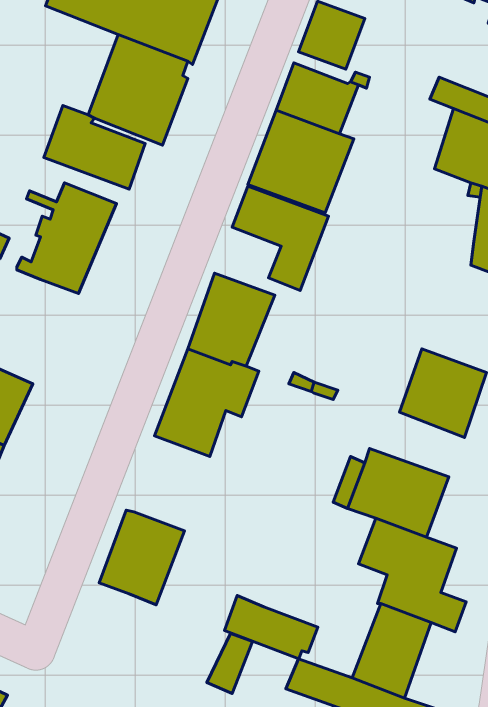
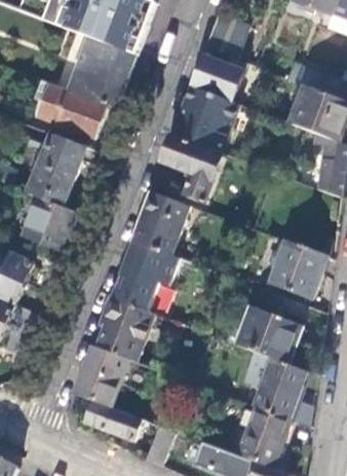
building: none -> [23,195,77,249]
building: none -> [98,297,154,361]
building: [224,596,318,659] -> [86,400,147,441]

